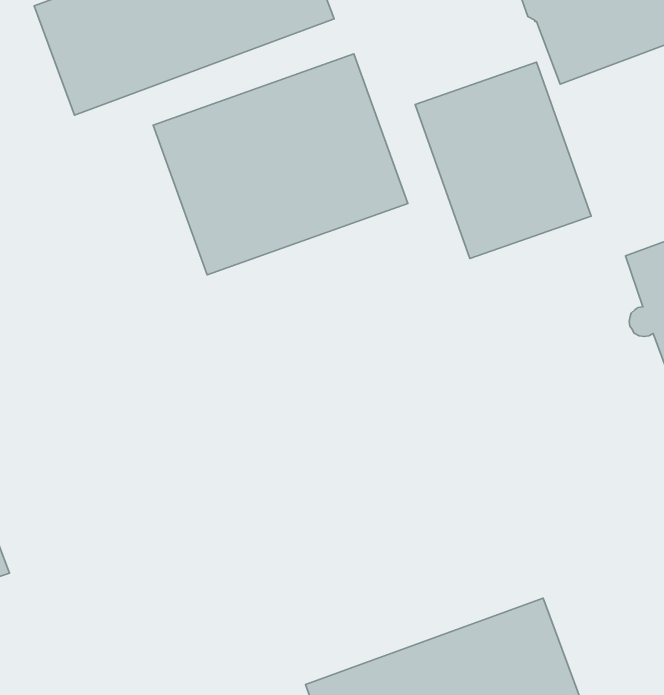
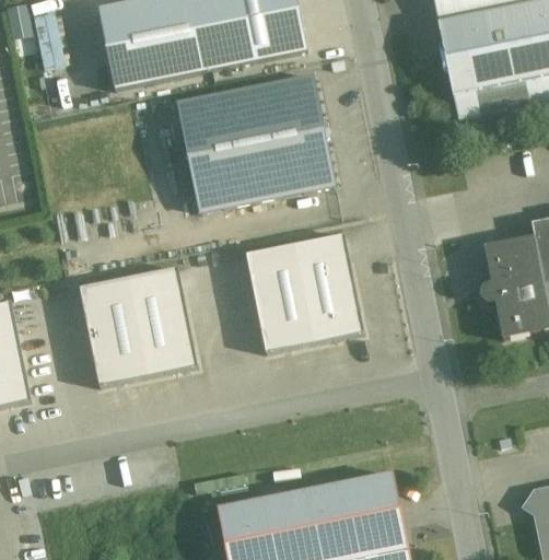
building: [415,62,591,259] -> none
building: none -> [244,233,363,352]
building: none -> [79,269,195,385]

